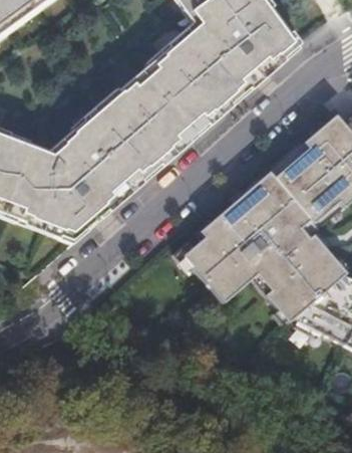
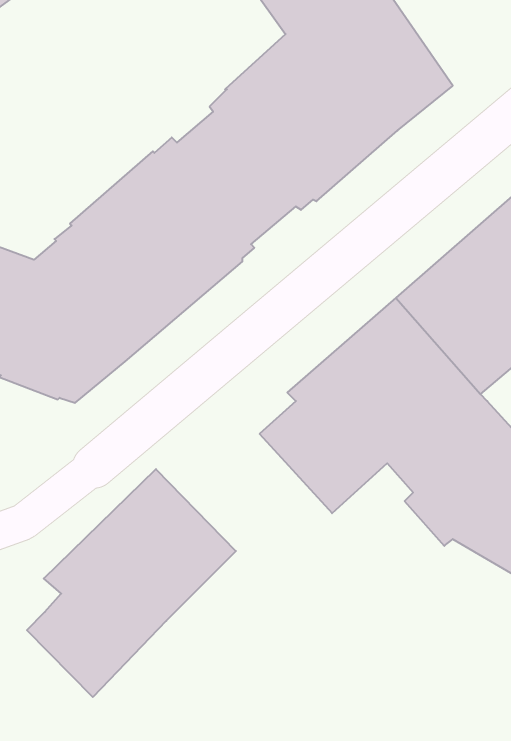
building: none -> [27,469,236,697]

